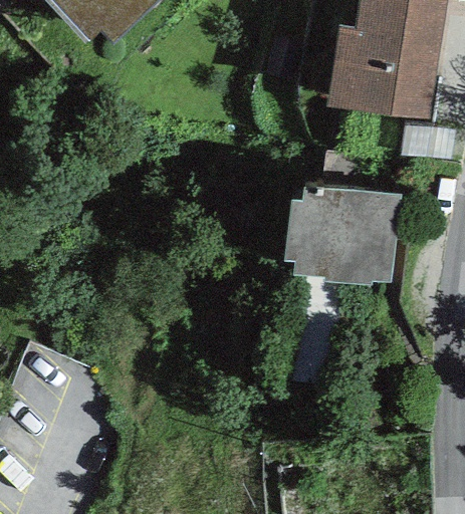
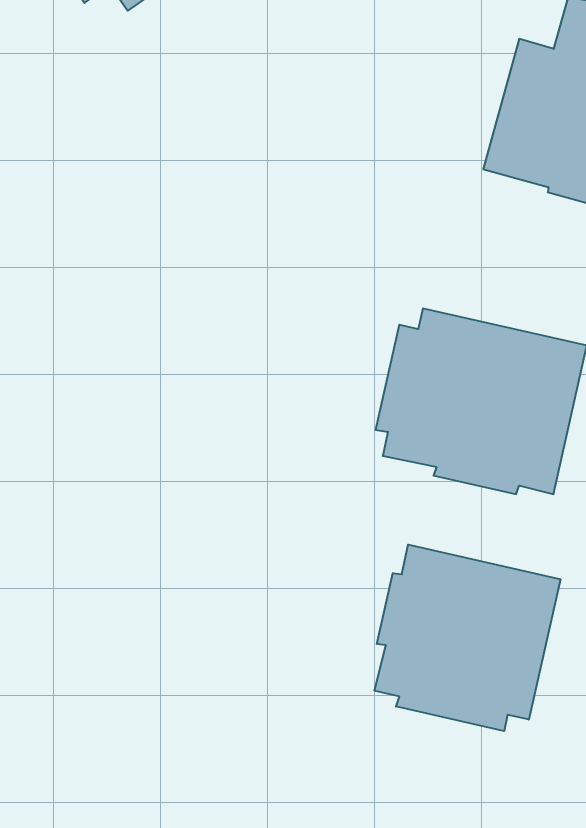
building: none -> [375,545,560,731]

